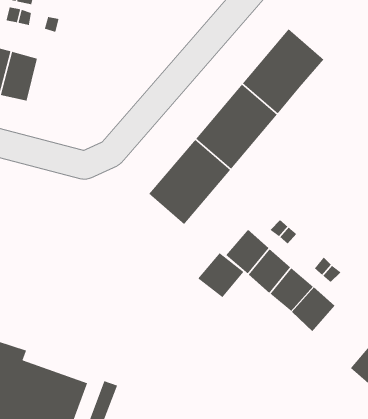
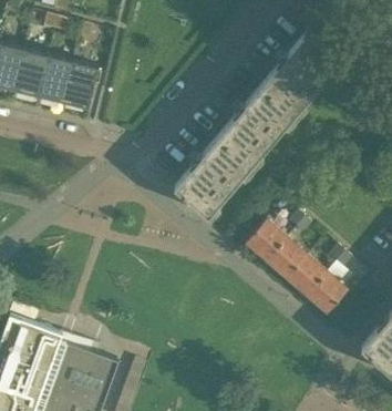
building: none -> [64,63,102,110]
building: [197,252,245,298] -> none

